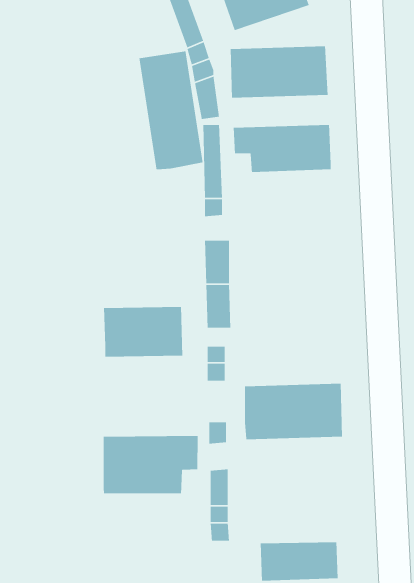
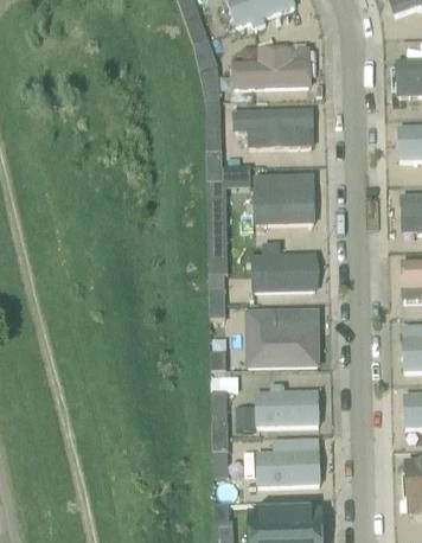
building: [139,50,203,170] -> none
building: none -> [252,177,315,222]
building: [103,306,183,358] -> [249,249,315,292]
building: [103,435,199,494] -> none
building: none -> [255,391,318,427]

